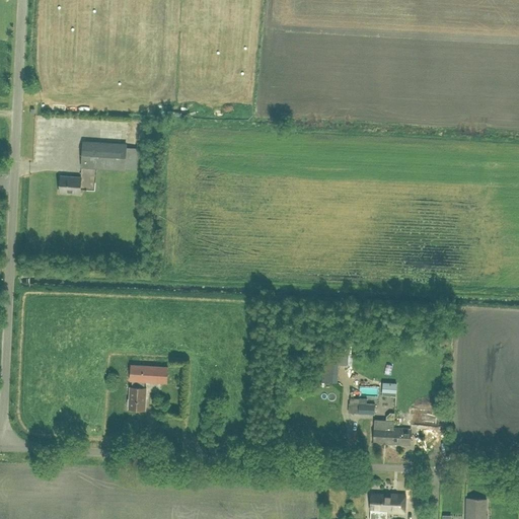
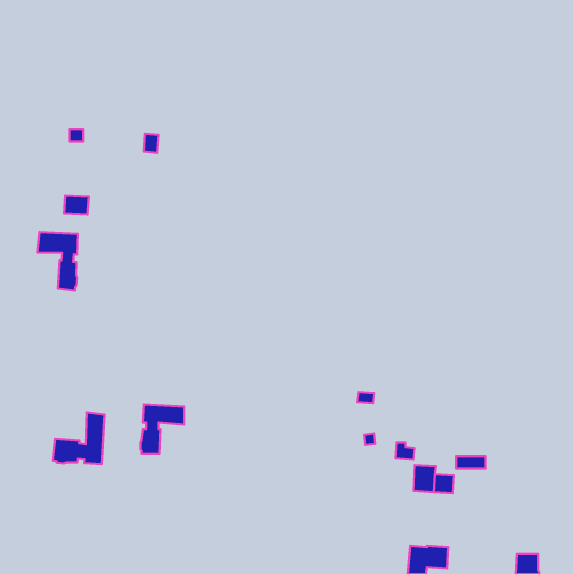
building: [80,141,125,170] -> none
building: none -> [37,232,78,291]
building: none -> [53,412,105,464]

